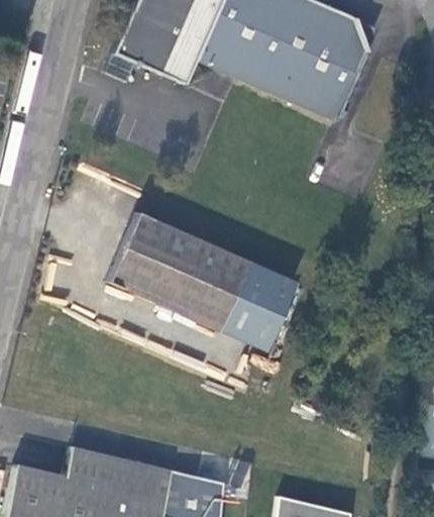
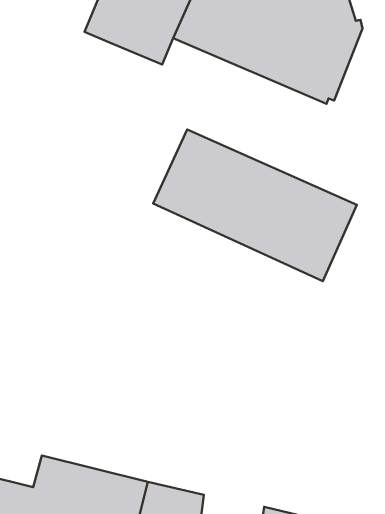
building: [107,214,295,354] -> [153,129,357,281]

